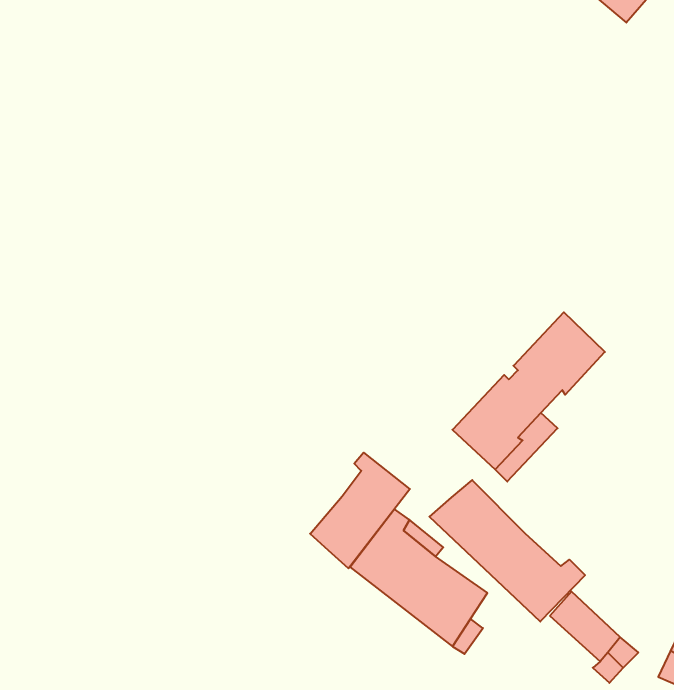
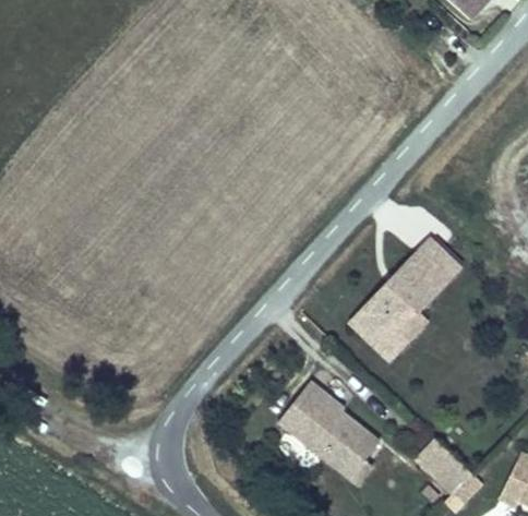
building: [310,453,410,568] -> none
building: [429,480,585,622] -> none

